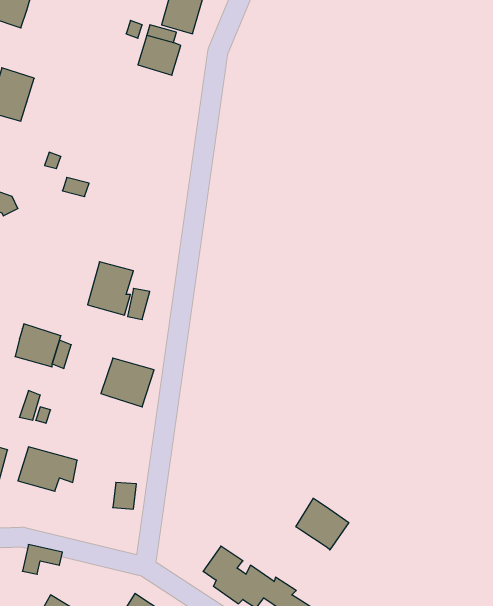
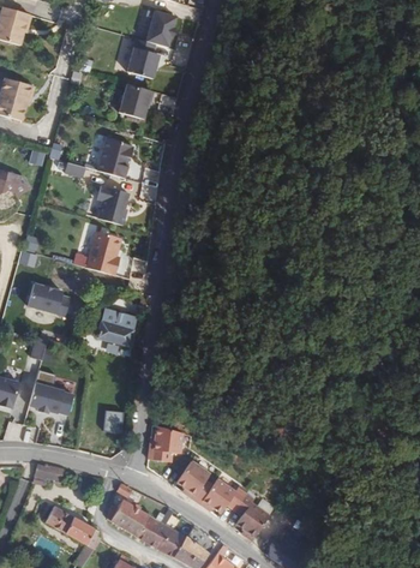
building: none -> [115,83,150,121]
building: none -> [94,137,131,179]
building: none -> [96,186,127,225]
building: [296,498,349,550] -> none
building: none -> [149,429,181,465]

